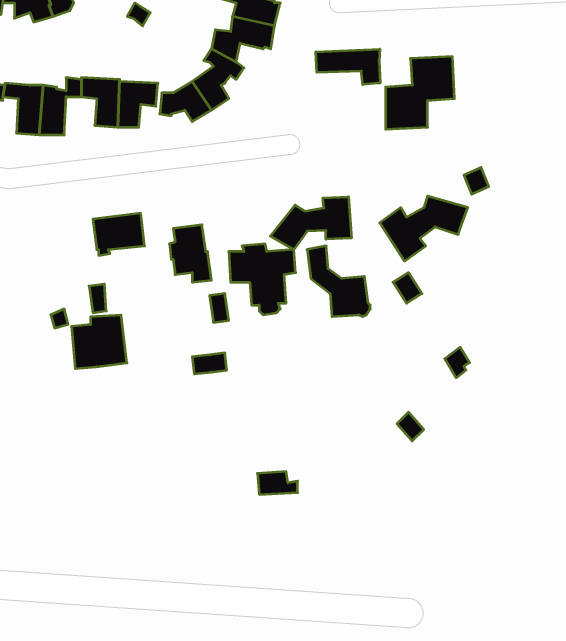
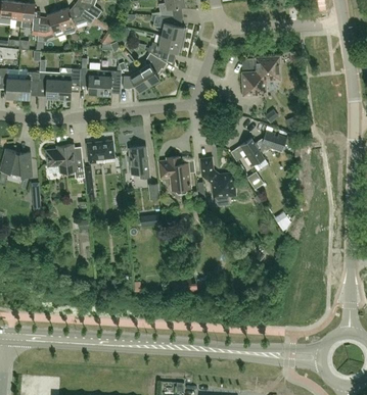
building: [316,49,380,85] -> none
building: [270,197,351,250] -> none
building: [71,315,127,369] -> [46,146,76,175]

